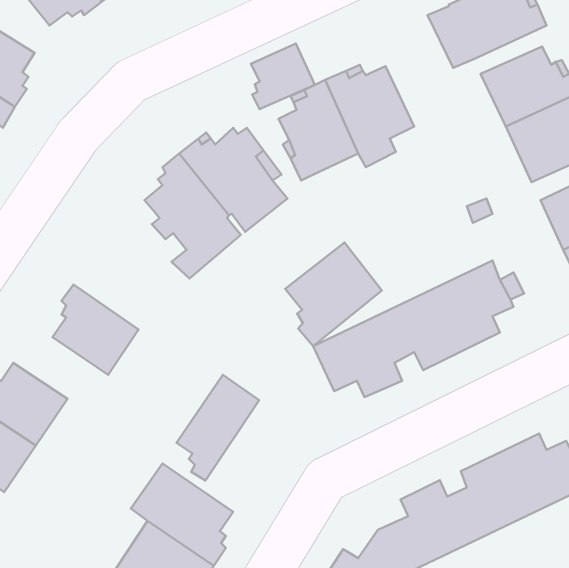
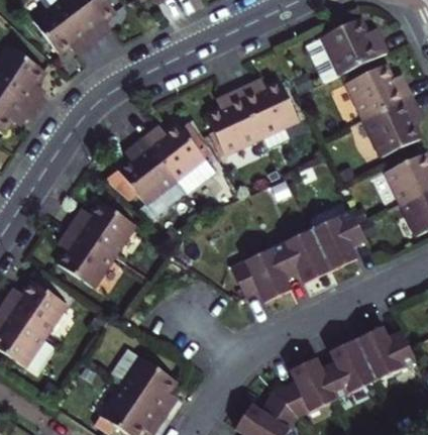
building: [251,44,315,109] -> none
building: [285,242,382,346] -> none
building: none -> [71,199,136,256]
building: [176,375,259,480] -> none

